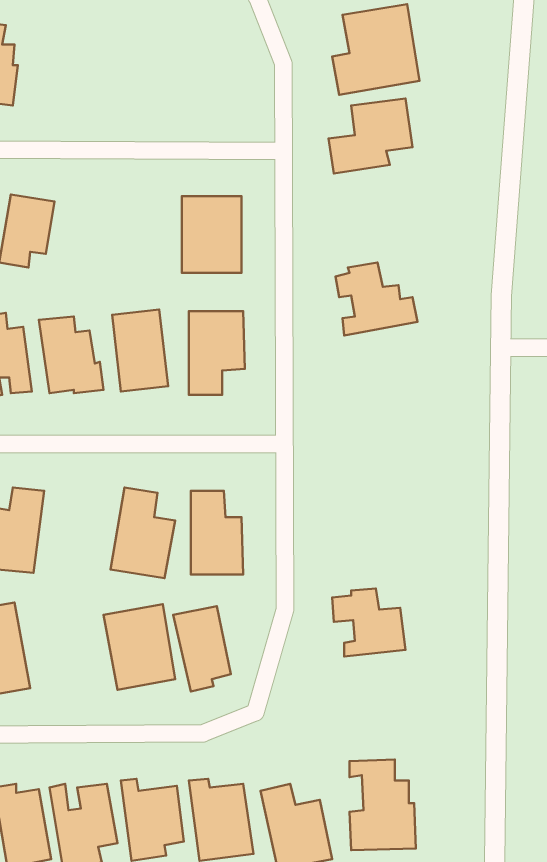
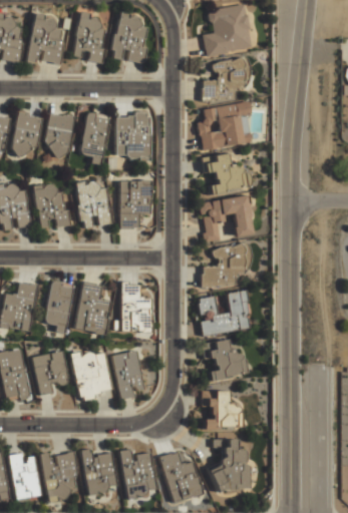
building: none -> [73,12,107,62]
building: none -> [110,12,148,63]
building: none -> [27,13,65,64]
building: none -> [198,101,252,149]
building: none -> [80,112,109,164]
building: none -> [45,113,73,155]
building: none -> [199,195,253,241]
building: none -> [201,244,248,288]
building: none -> [46,281,72,333]
building: none -> [198,290,251,336]
building: none -> [33,351,68,395]
building: none -> [202,390,240,428]

